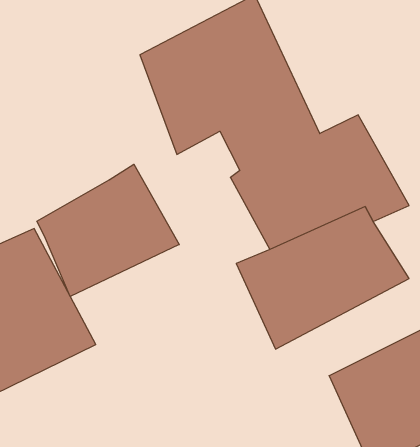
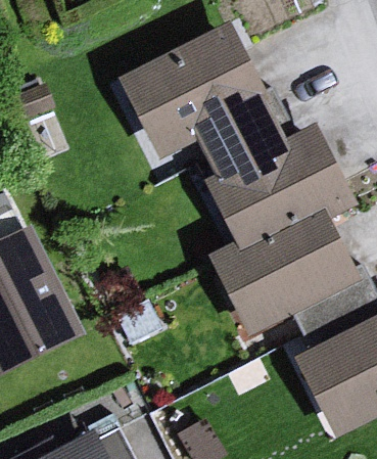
building: [37,164,179,296] -> none

